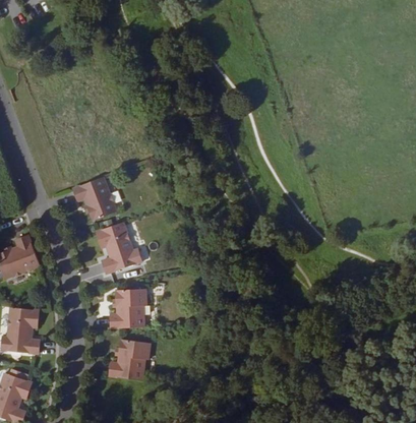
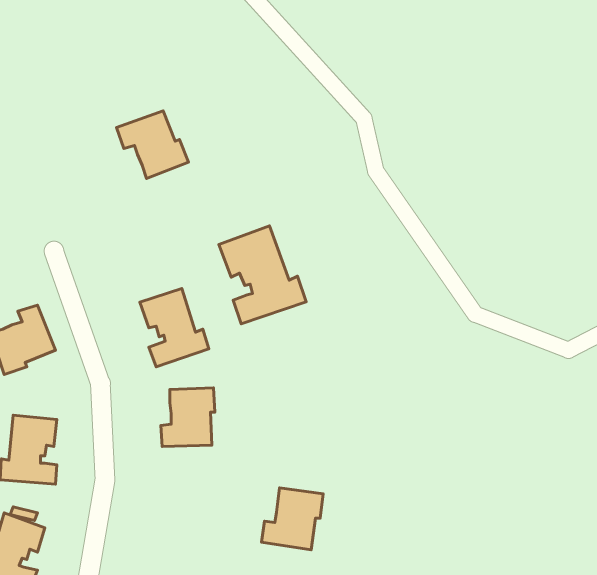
building: [72,177,121,223] -> [116,111,189,179]
building: none -> [219,226,306,324]
building: [109,340,151,381] -> [261,488,323,550]

